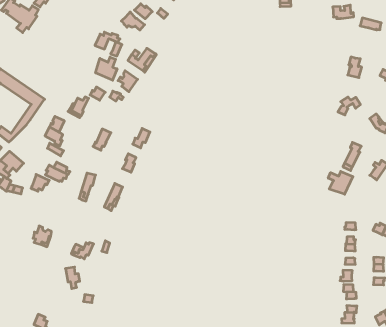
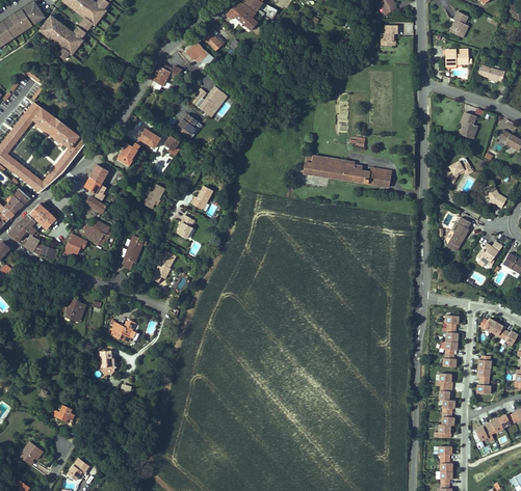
building: [96,57,117,80] -> none
building: none -> [304,155,391,187]
building: [328,171,353,194] -> none

